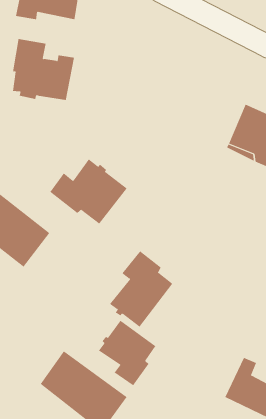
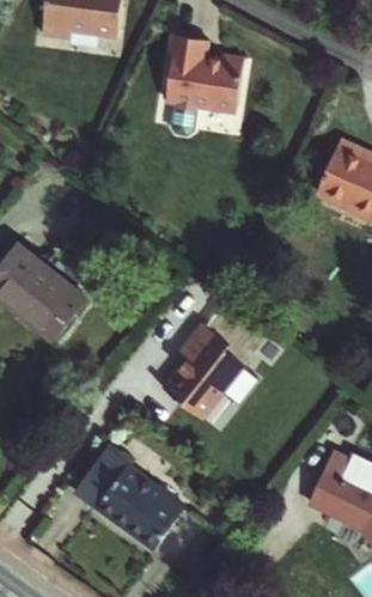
building: [12,39,75,101] -> [161,30,240,108]
building: [49,158,128,225] -> none
building: [98,320,156,386] -> none

